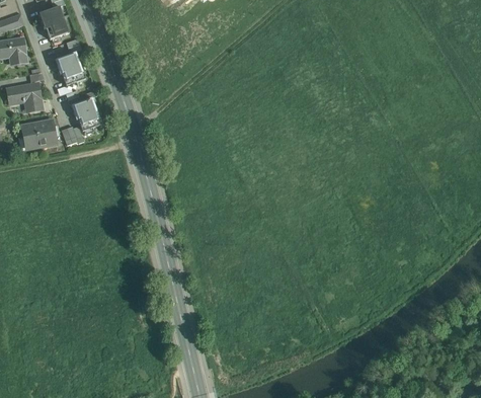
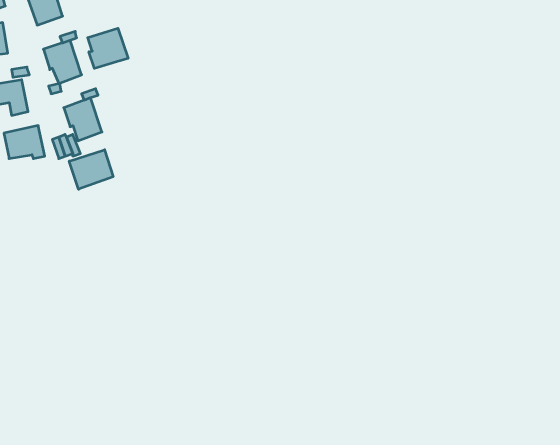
building: none -> [88,28,128,68]
building: none -> [69,150,113,189]

